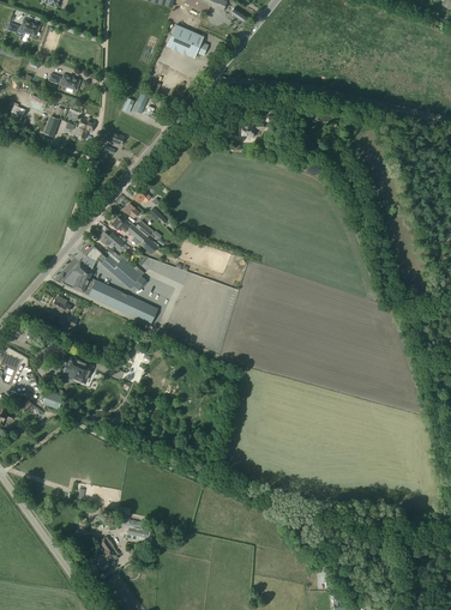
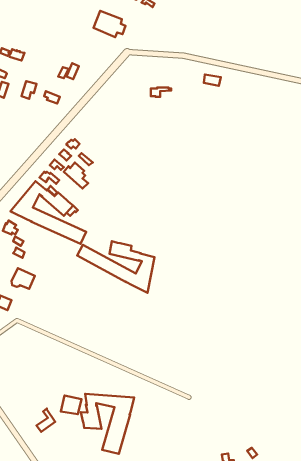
building: none -> [77,241,155,293]
building: none -> [81,394,134,454]

